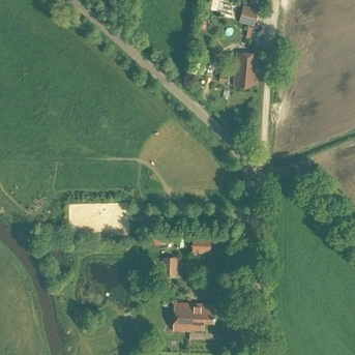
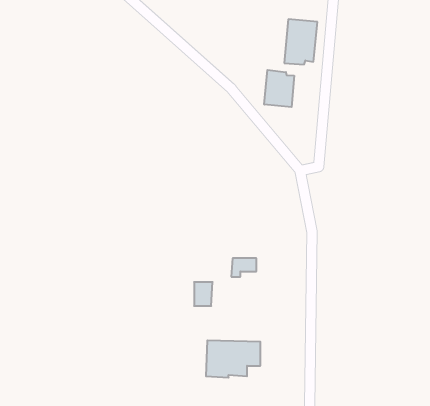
building: none -> [264,70,294,107]

